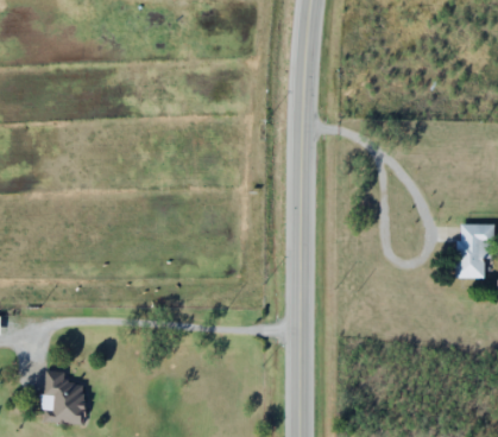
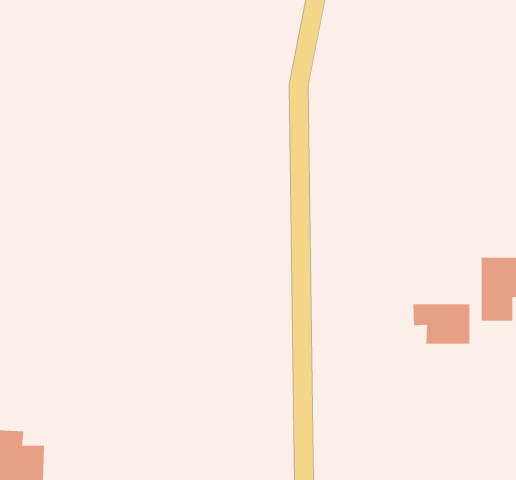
building: none -> [413,304,470,345]

